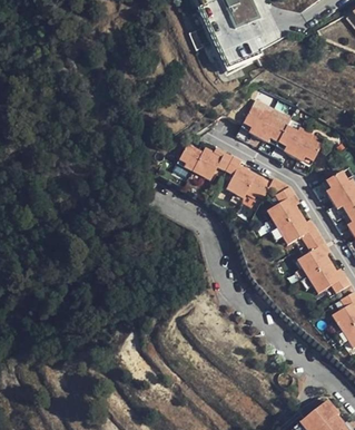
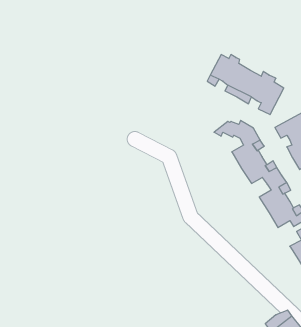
building: [177,139,262,193] -> none

